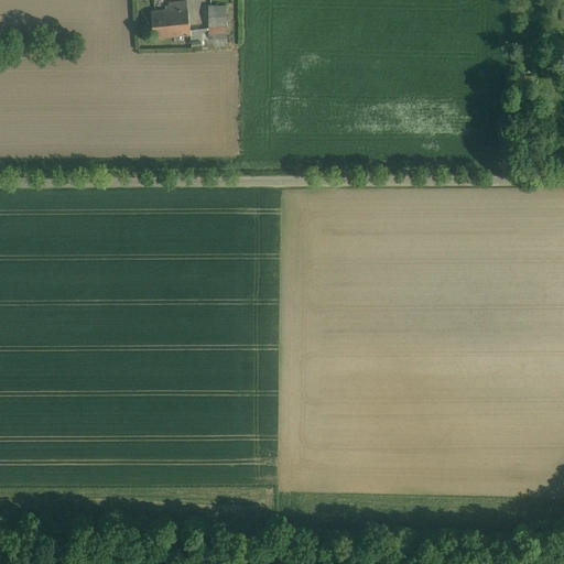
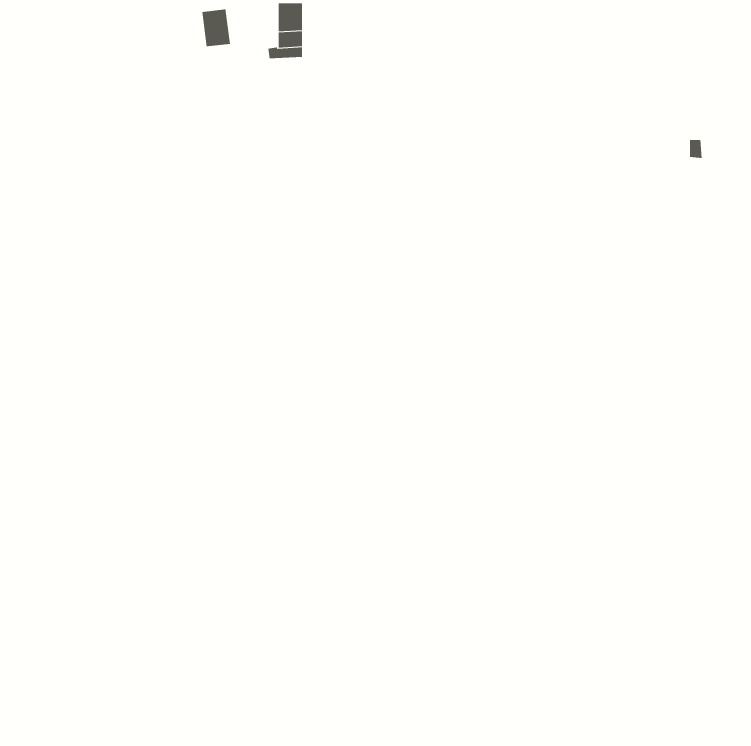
building: [170,4,191,33] -> none

